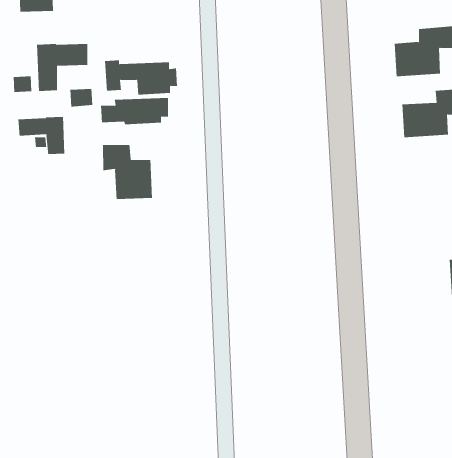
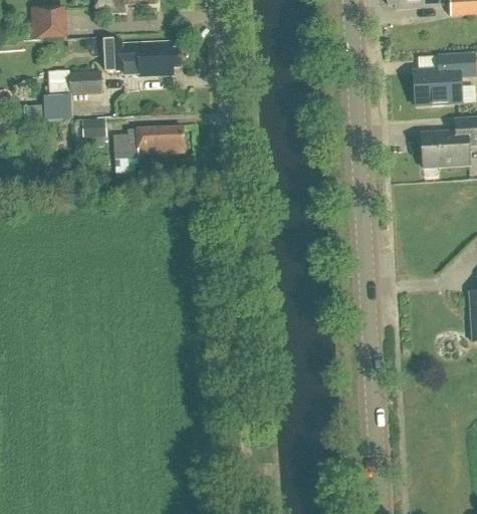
building: [104,60,178,95] -> [104,38,180,74]
building: [18,116,65,155] -> none
building: [102,144,153,200] -> none

